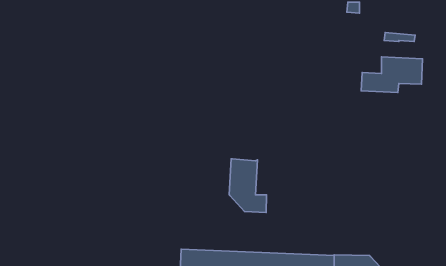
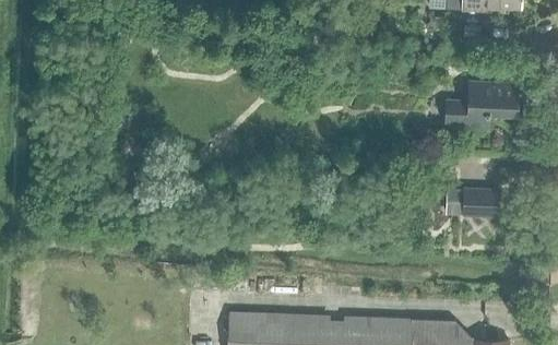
building: none -> [446,188,499,216]
building: [229,159,267,213] -> none

